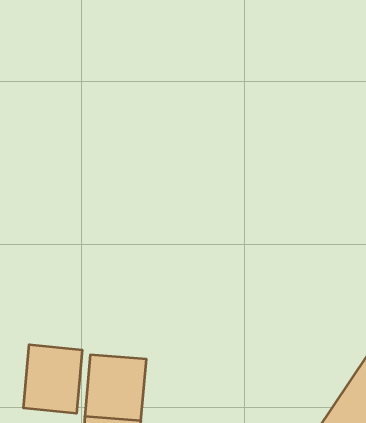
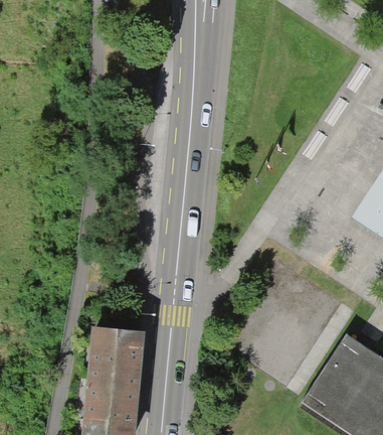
building: [24,345,82,413] -> none

